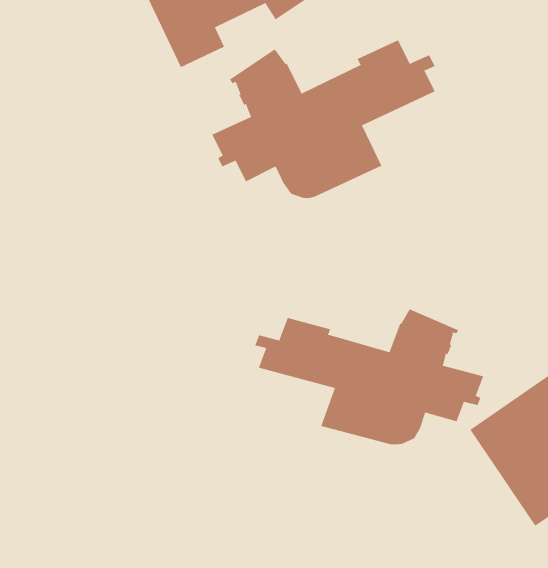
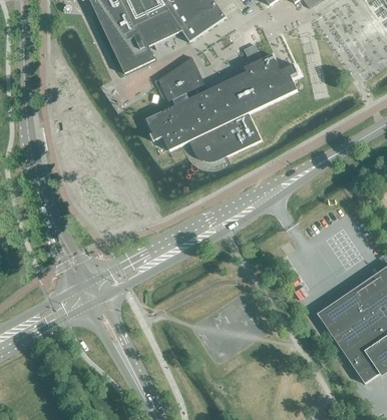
building: [255,308,484,445] -> none

